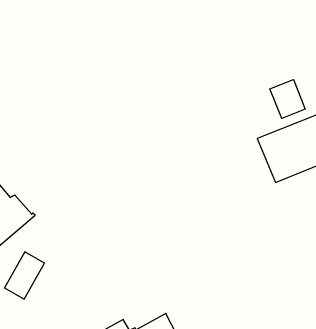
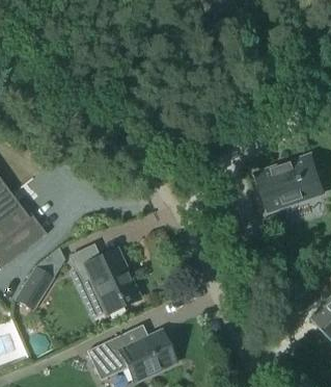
building: [270,80,305,118] -> none
building: none -> [70,243,139,312]

